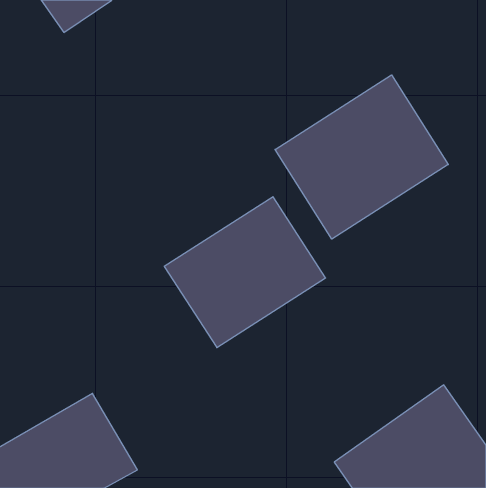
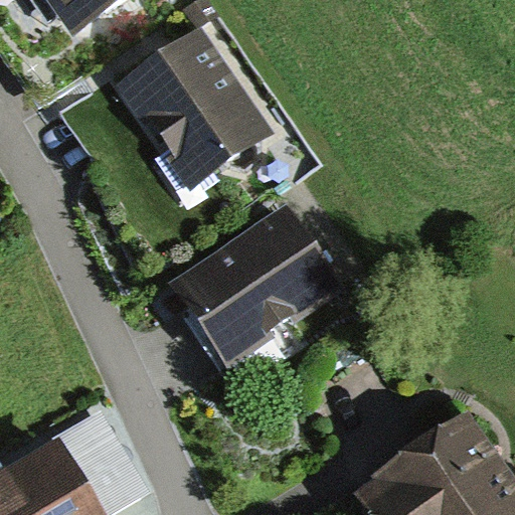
building: none -> [112,27,269,189]
building: [275,75,448,239] -> none

